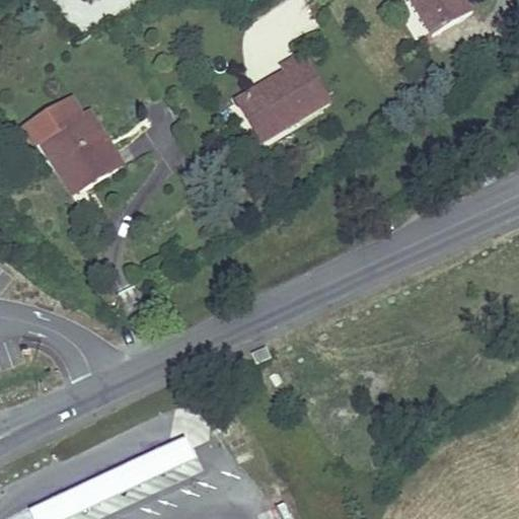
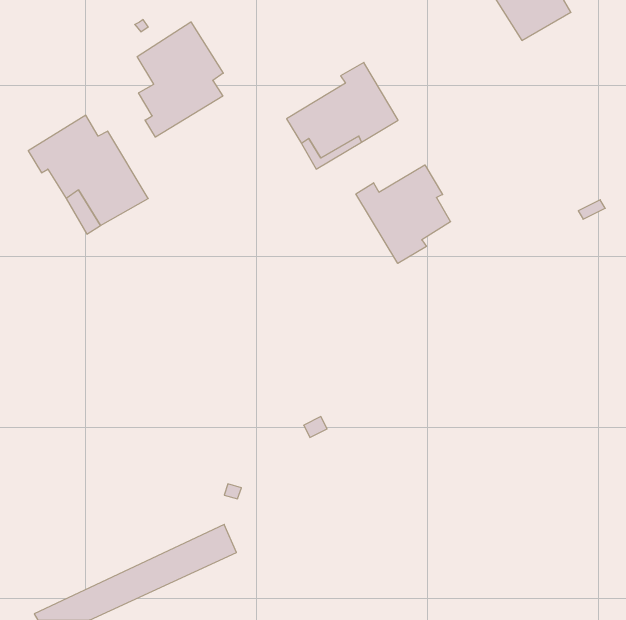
building: none -> [137,22,223,137]
building: none -> [356,165,451,263]

